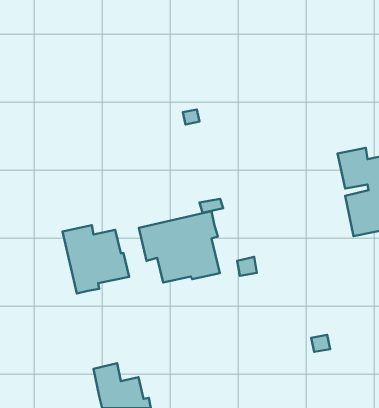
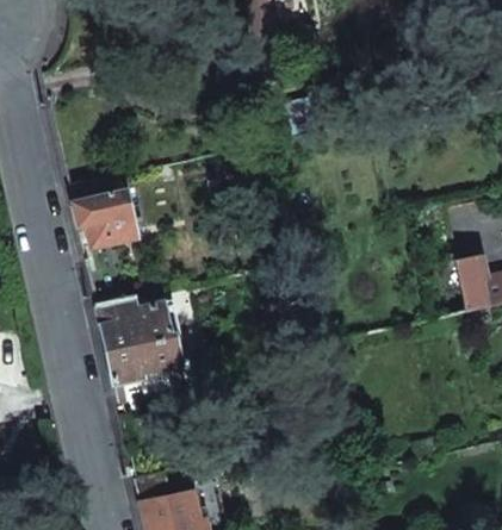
building: none -> [69,176,137,248]
building: [139,211,220,282] -> none

